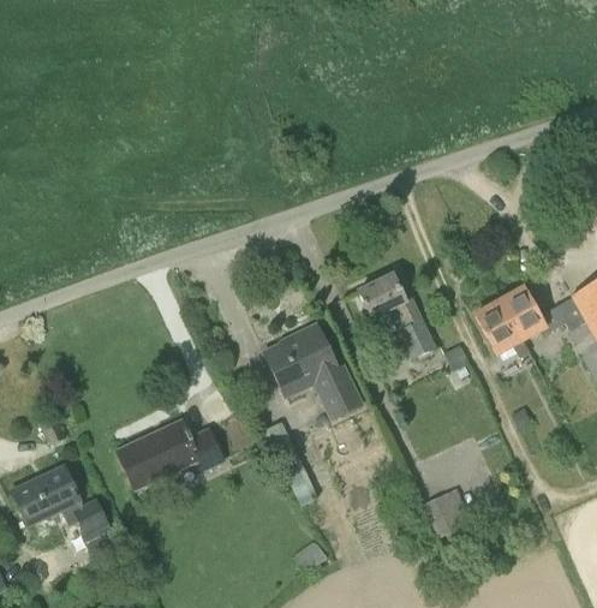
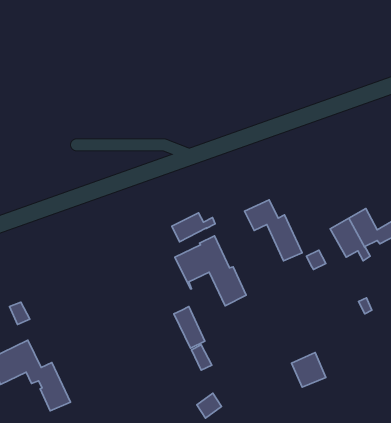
building: none -> [172,213,215,242]
building: [115,421,222,490] -> none

